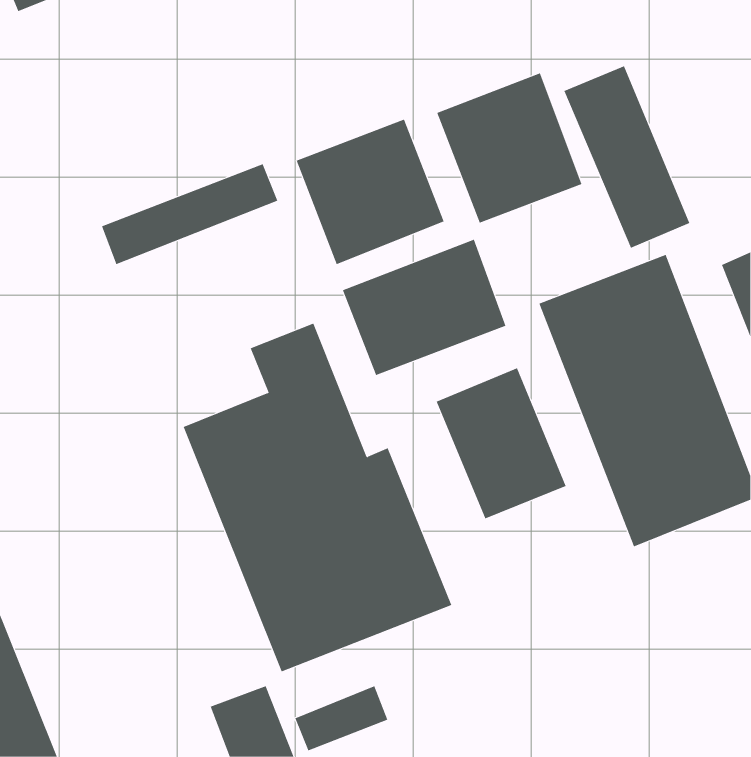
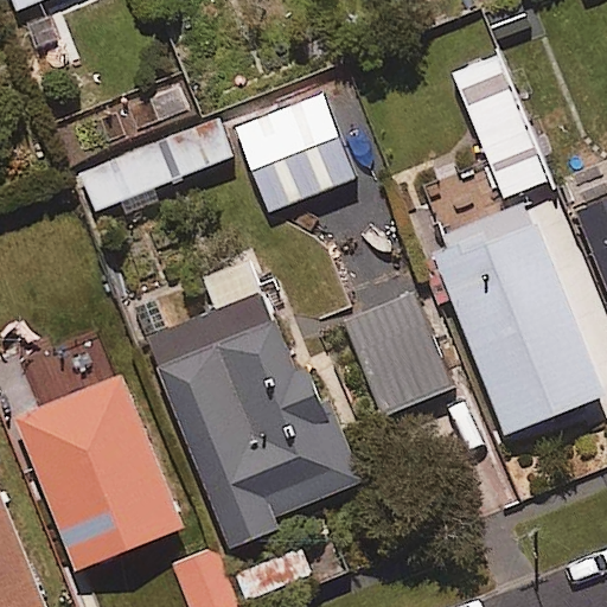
building: [436,72,582,223] -> none
building: [342,239,506,376] -> none
building: none -> [13,375,186,574]

